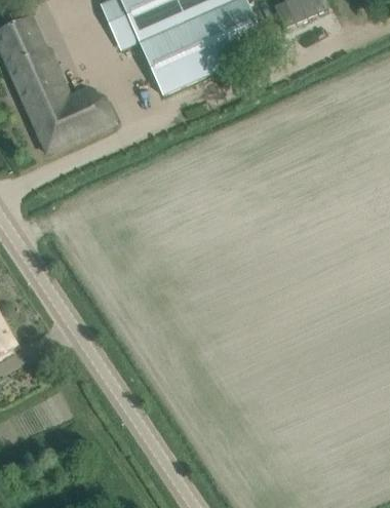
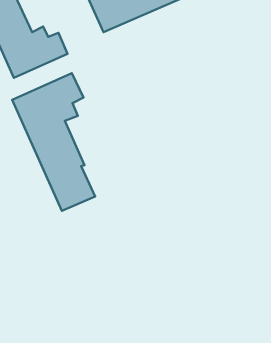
building: none -> [12,73,95,211]

